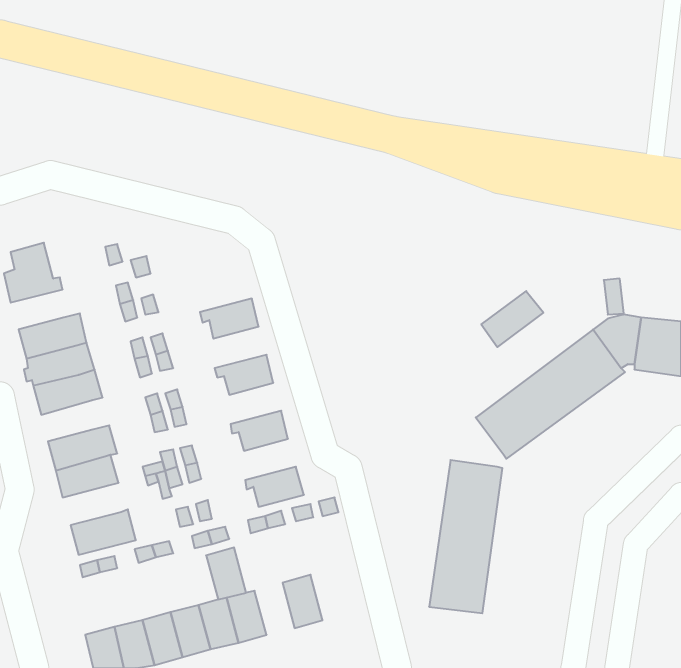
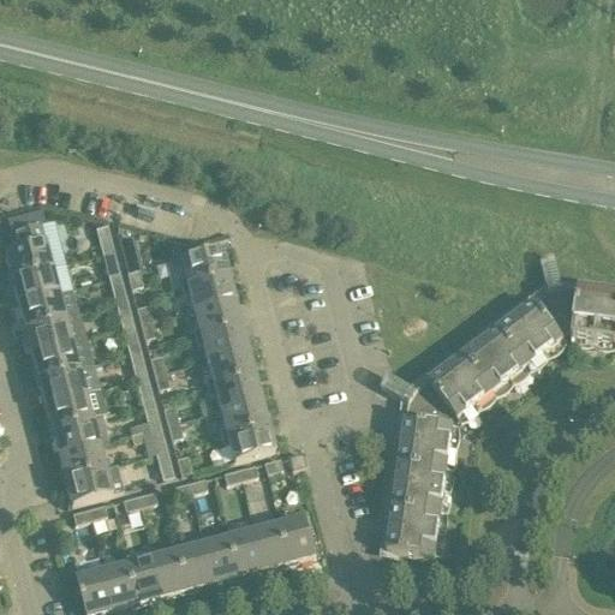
building: none -> [175,237,227,281]
building: none -> [10,261,59,297]
building: [481,291,543,347] -> none
building: none -> [191,294,240,332]
building: none -> [205,345,253,382]
building: none -> [37,358,98,398]
building: none -> [406,376,454,420]
building: none -> [219,395,267,432]
building: none -> [56,437,109,473]
building: [206,547,246,599] -> [229,525,265,572]
building: none -> [280,512,317,559]

